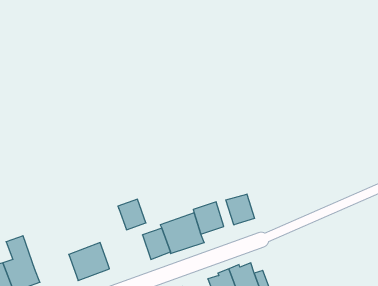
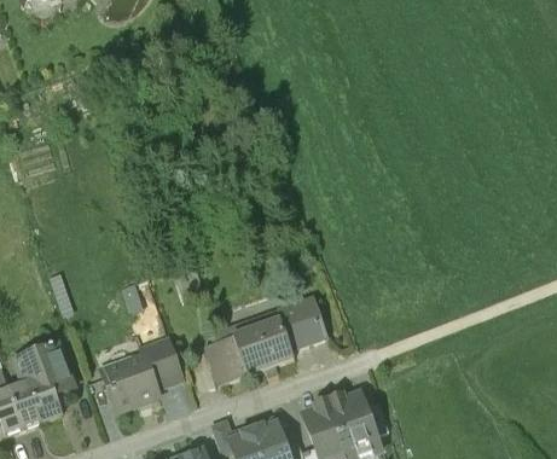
building: [226,194,255,225] -> none
building: [118,199,146,230] -> [145,345,185,389]
building: none -> [36,342,74,397]

